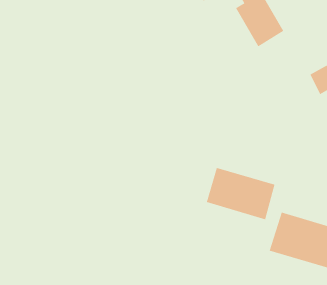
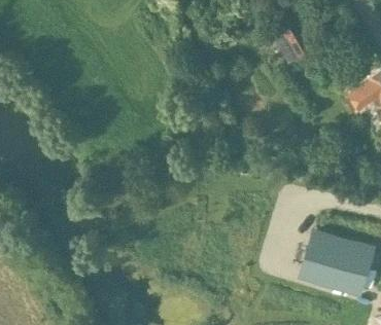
building: [206,167,275,220] -> none

